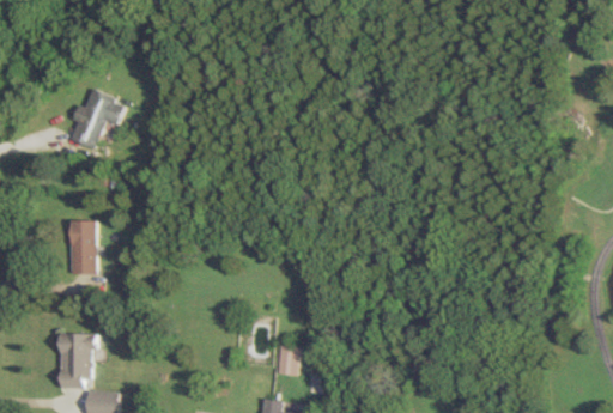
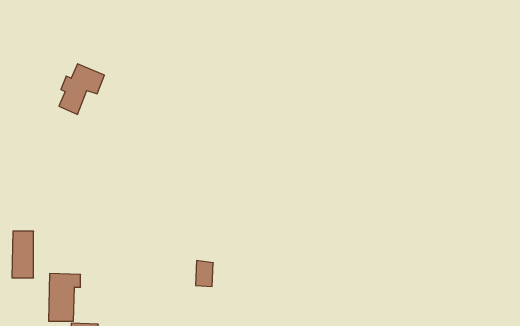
building: [69,220,95,274] -> [12,231,34,278]
building: [275,345,296,375] -> [196,261,213,286]

